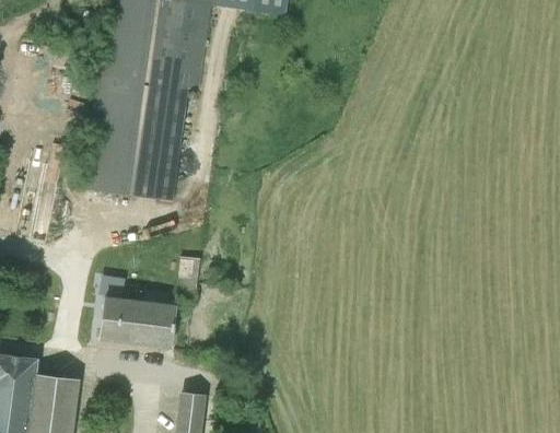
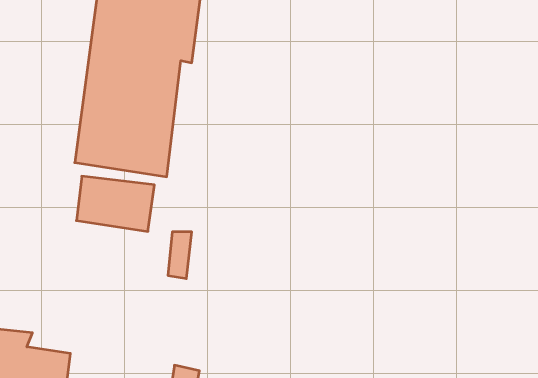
building: [101,295,179,351] -> [76,176,154,231]

